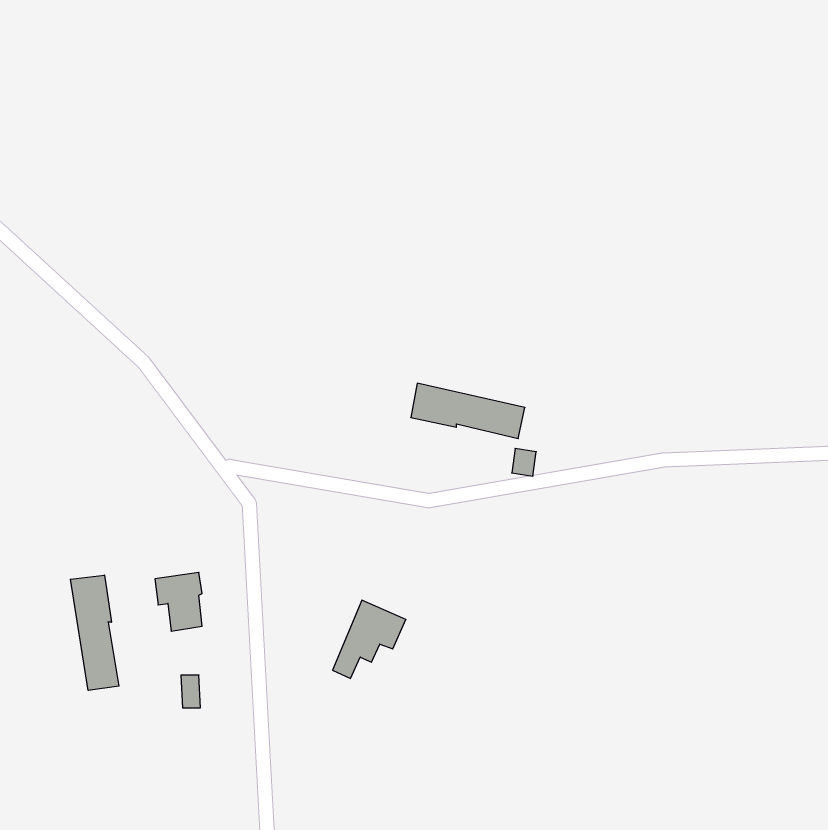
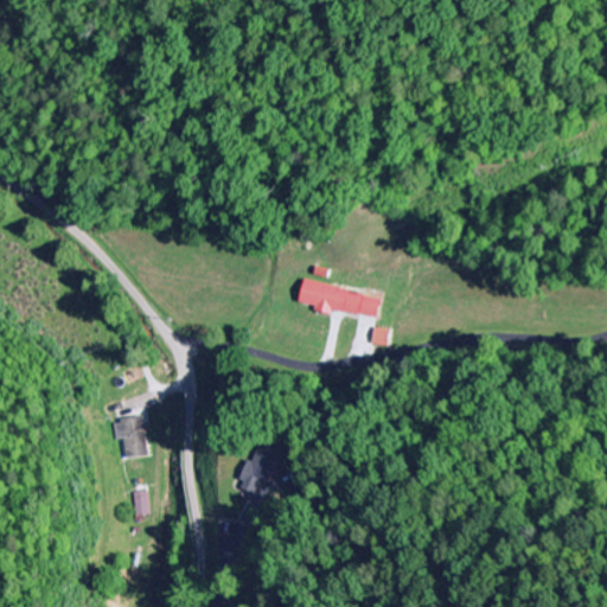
building: [70,575,119,690] -> none

